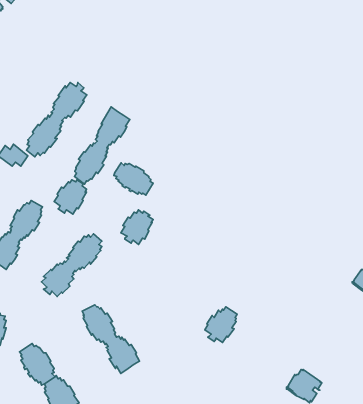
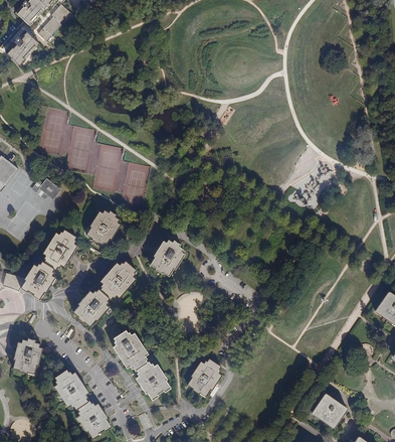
building: [27,82,87,157] -> none
building: [74,107,130,184] -> none
building: [114,163,153,195] -> none
building: [205,307,237,342] -> [190,359,221,394]

